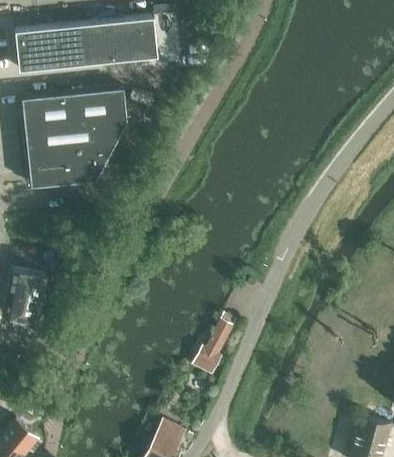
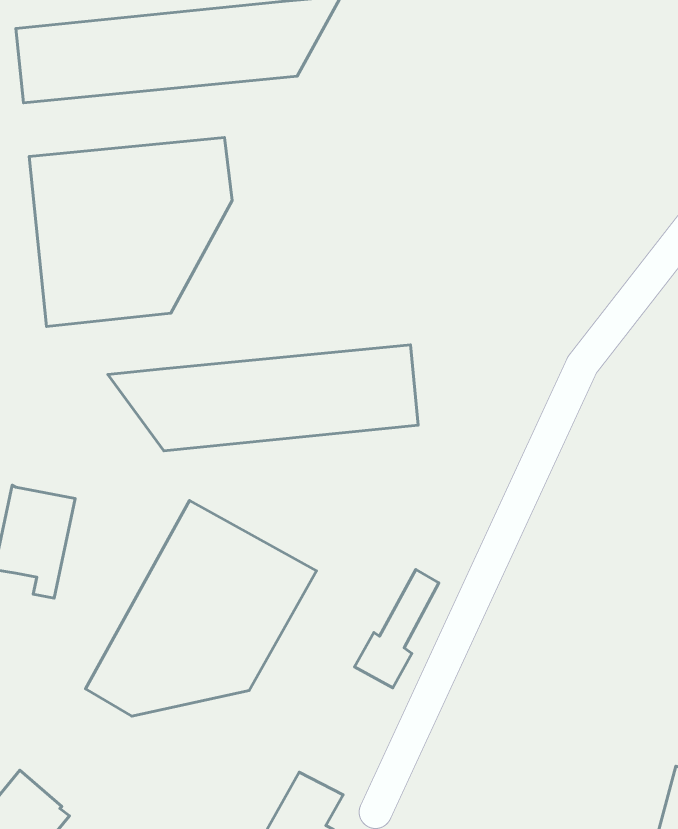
building: none -> [108,345,418,451]
building: none -> [85,500,317,716]

